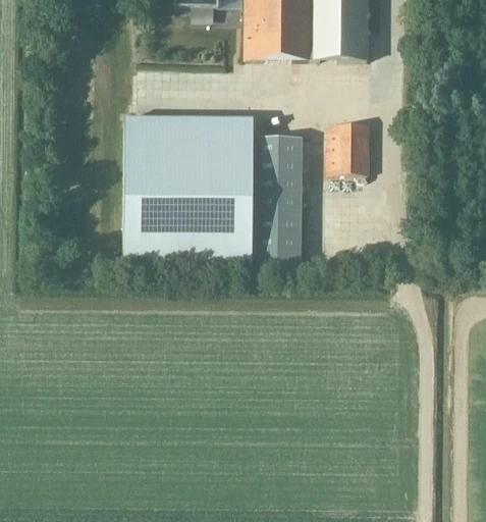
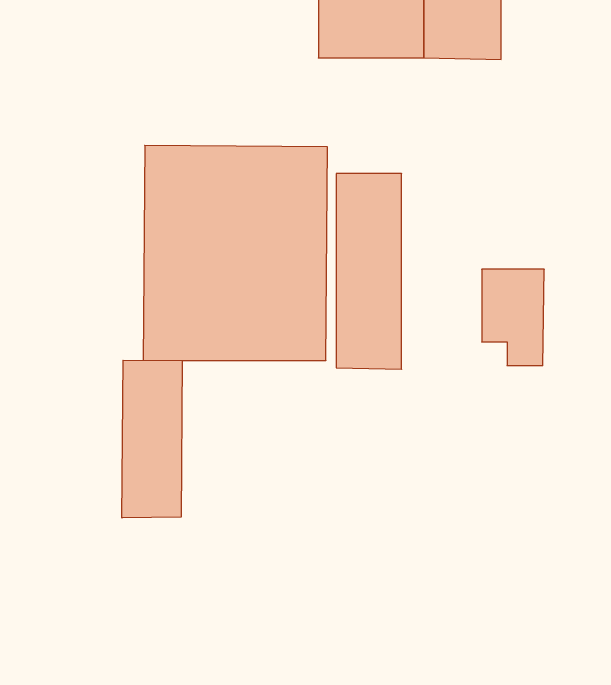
building: [327,120,370,187] -> [482,269,544,366]
building: none -> [122,360,182,518]

